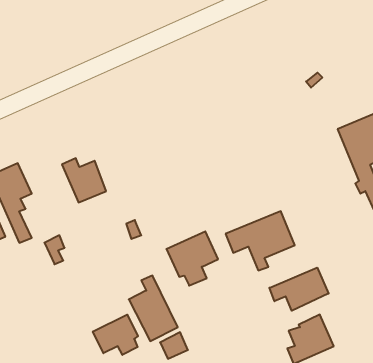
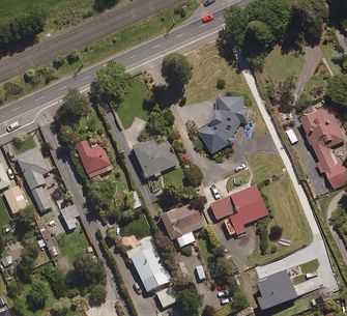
building: none -> [200,95,250,152]
building: none -> [132,139,176,177]
building: [269,268,329,311] -> none
building: [93,315,138,355] -> none

